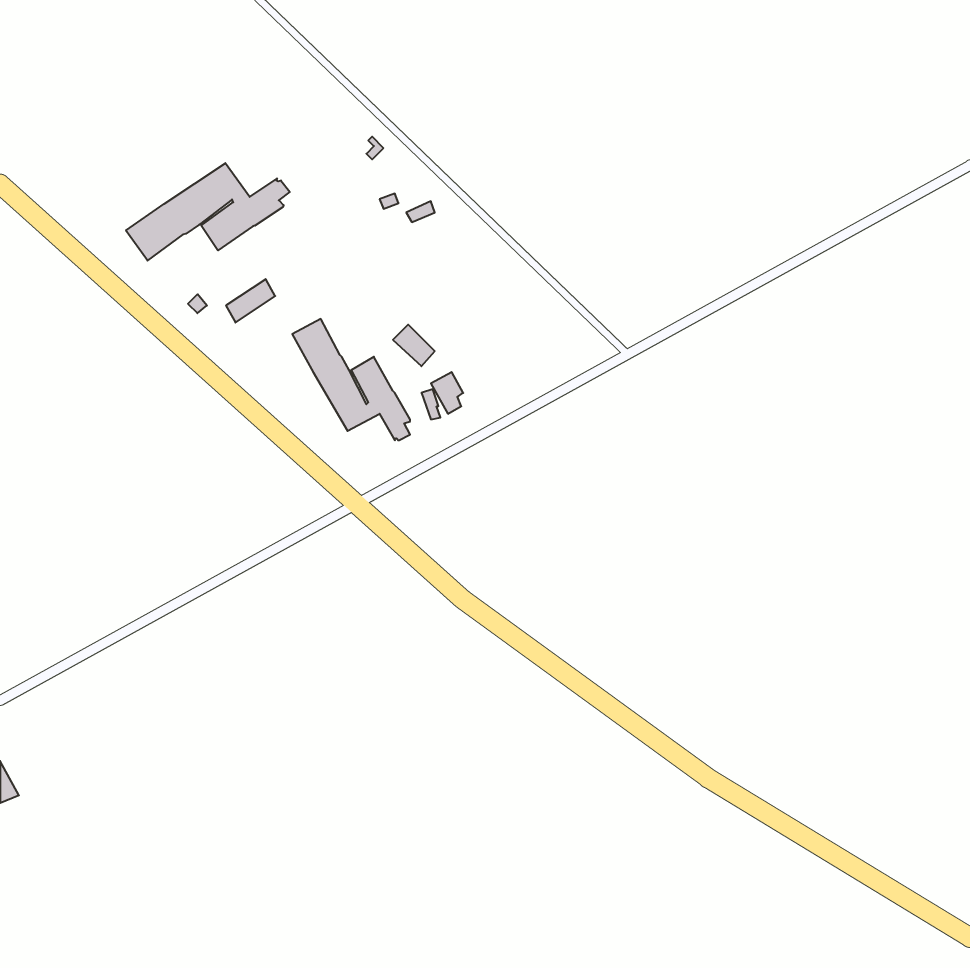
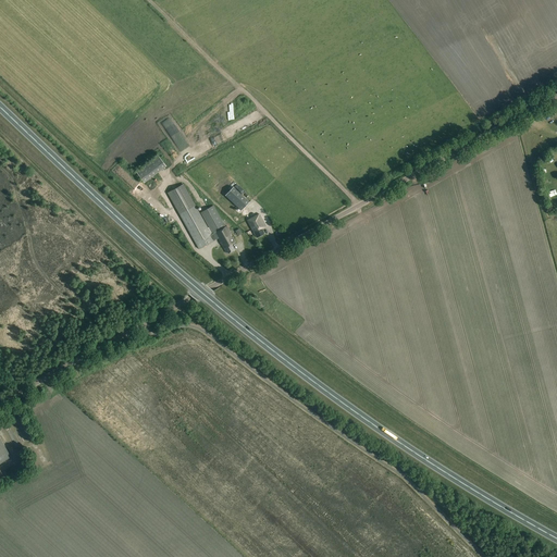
building: [126,163,290,261] -> none

